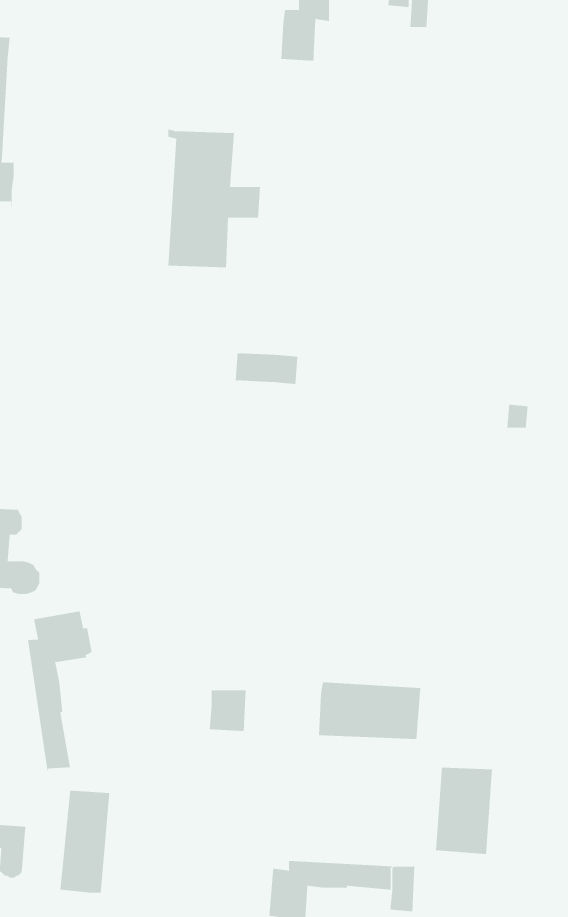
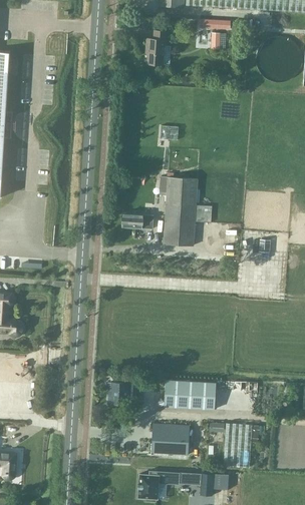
building: [167,129,261,268] -> [164,174,211,244]
building: [28,610,92,772] -> none
building: none -> [150,423,190,452]
building: [60,790,110,894] -> none

